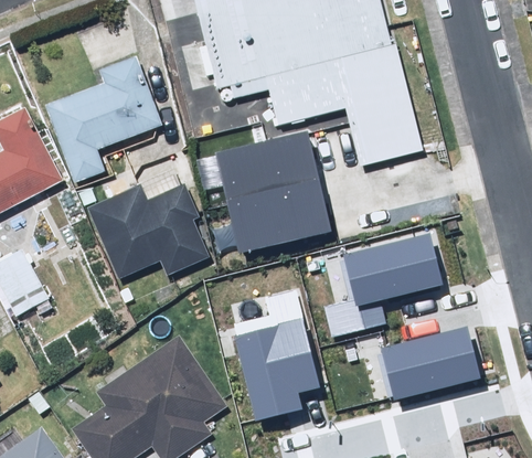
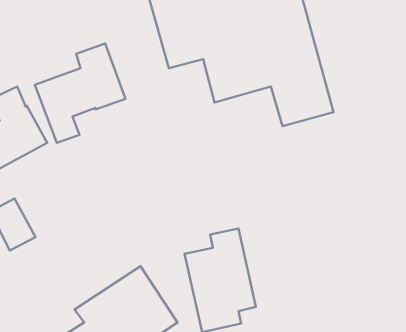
building: [223,129,334,247] -> none
building: [83,167,213,281] -> none
building: [324,232,445,338] -> none
building: [382,326,482,401] -> none

